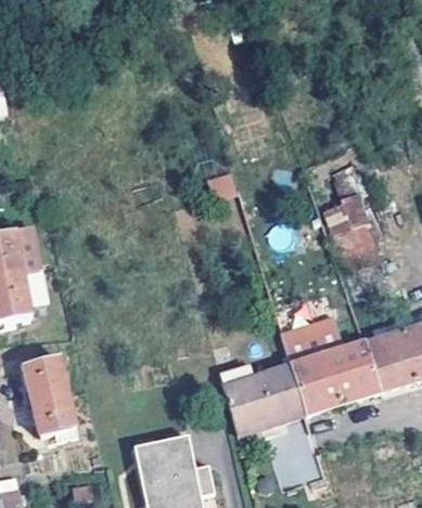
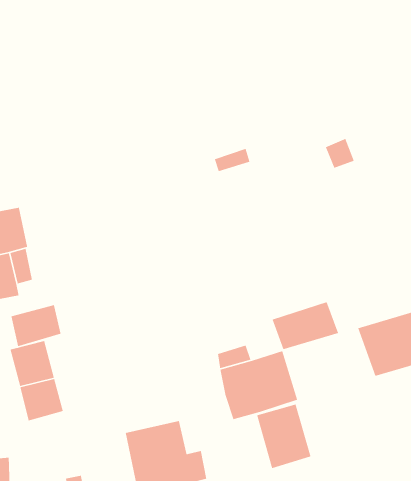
building: [323,187,375,262] -> none
building: none -> [11,304,62,347]
building: [287,343,378,414] -> none

